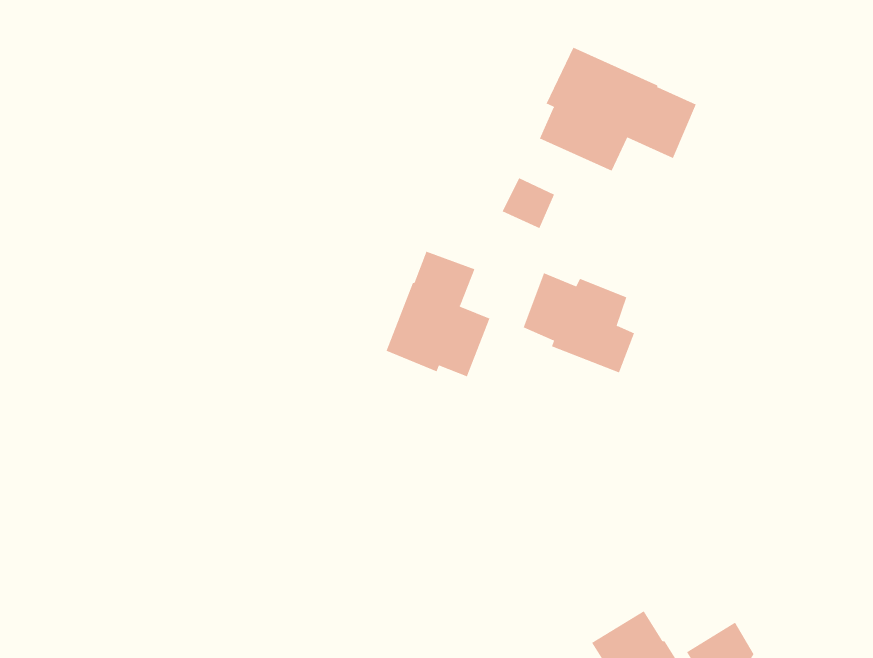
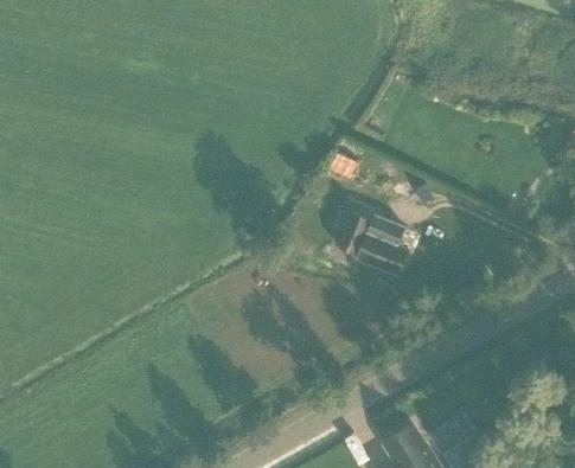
building: [539,47,697,172] -> none
building: [386,251,490,377] -> none

